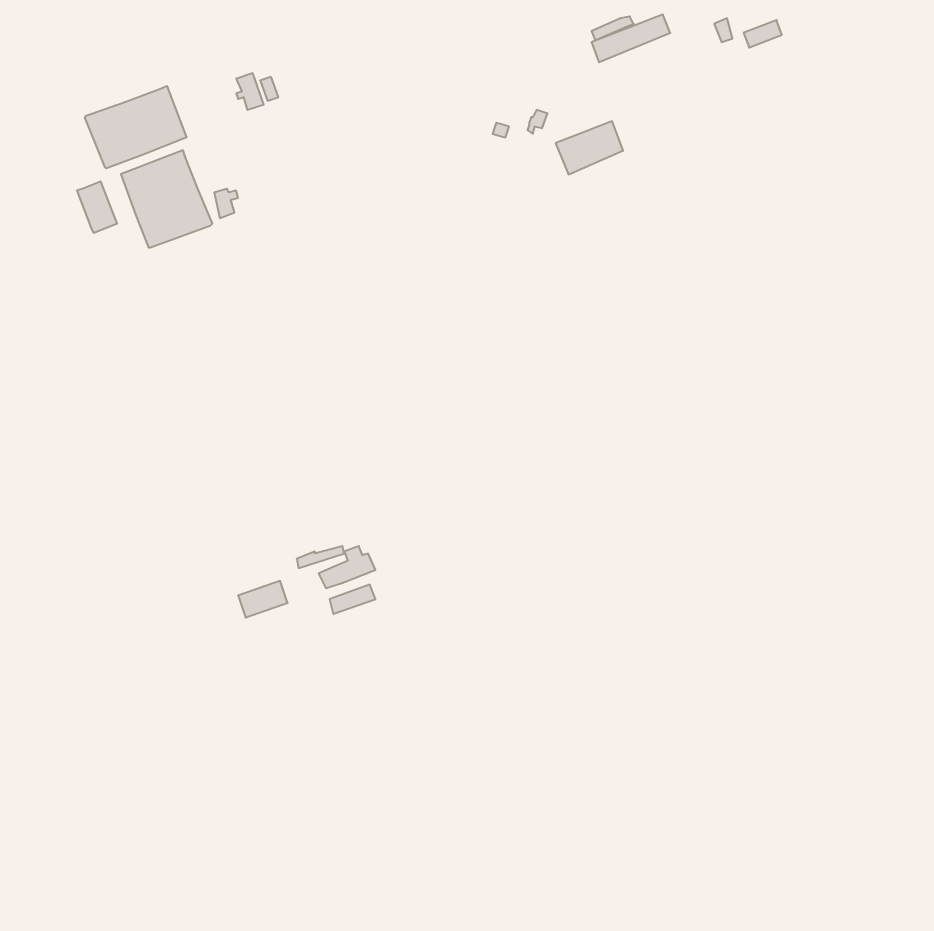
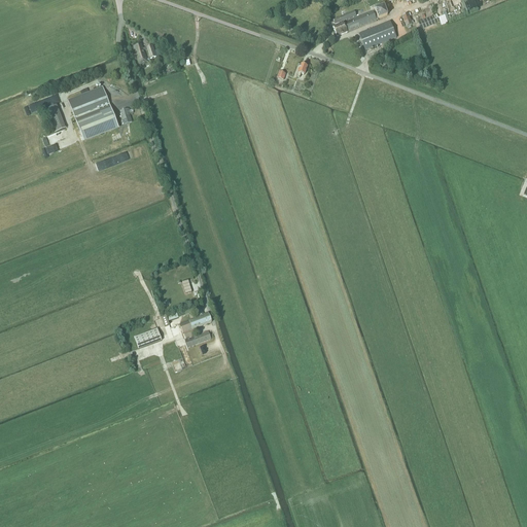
building: [85,86,187,168] -> none
building: [556,121,623,174] -> [359,19,397,48]

